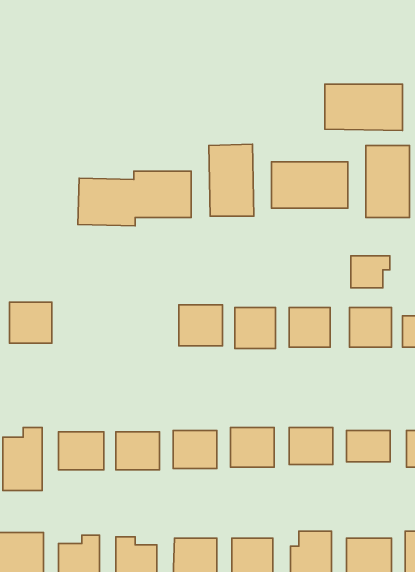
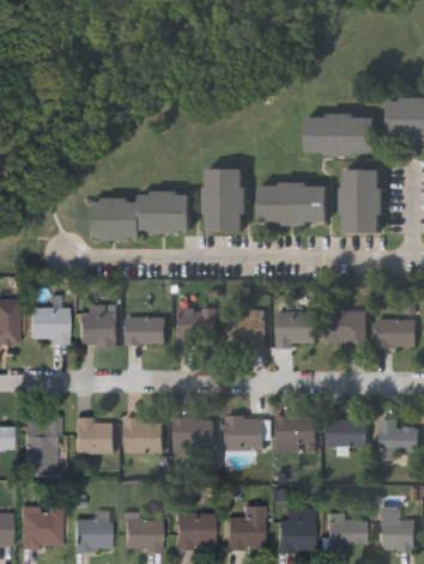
building: [351,256,390,288] -> none
building: none -> [80,305,117,346]
building: none -> [127,316,166,345]

